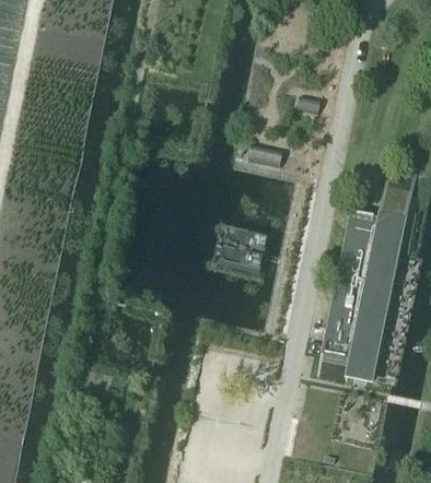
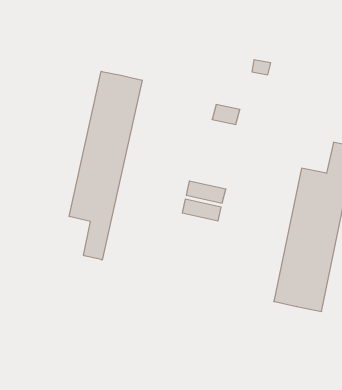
building: none -> [69,71,142,260]

